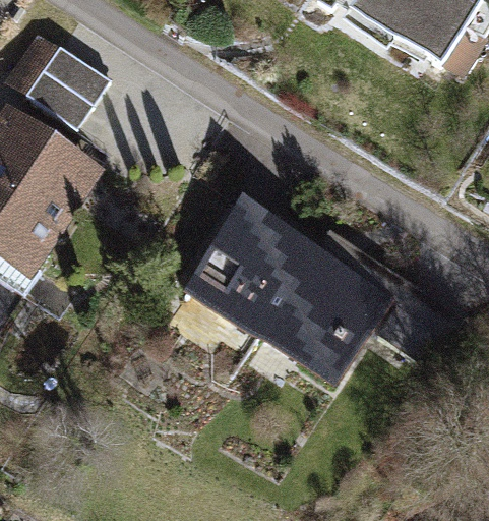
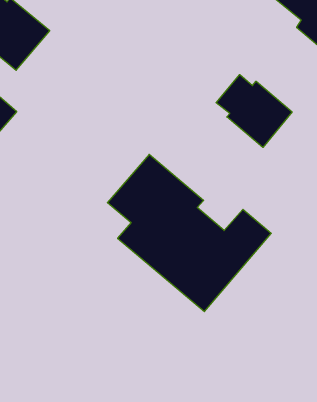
building: none -> [216,75,292,147]

